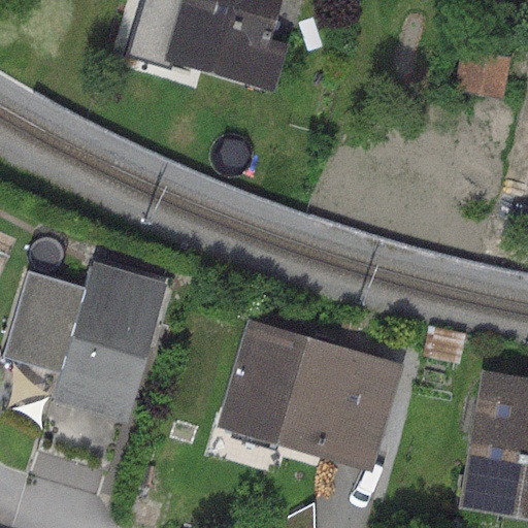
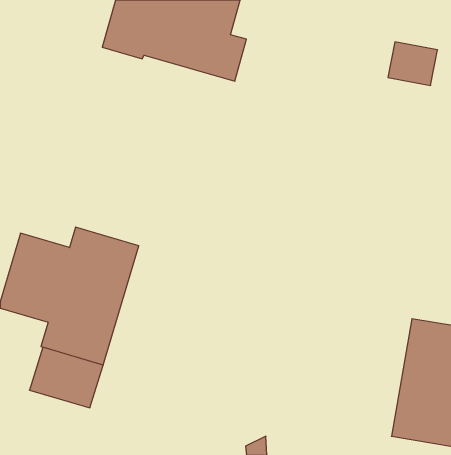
building: [218,319,405,471] -> none

